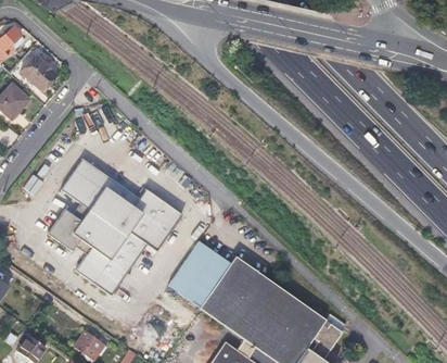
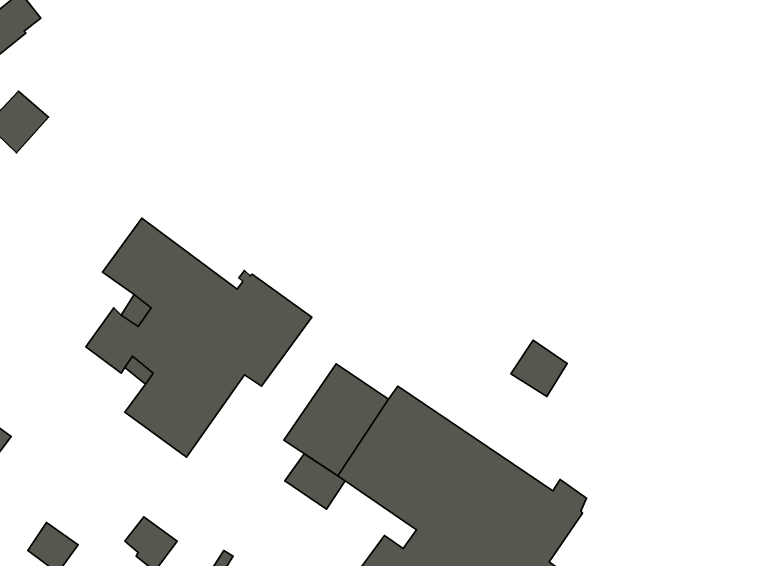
building: [22,55,56,90] -> none
building: none -> [511,340,567,397]
building: none -> [285,454,345,509]

